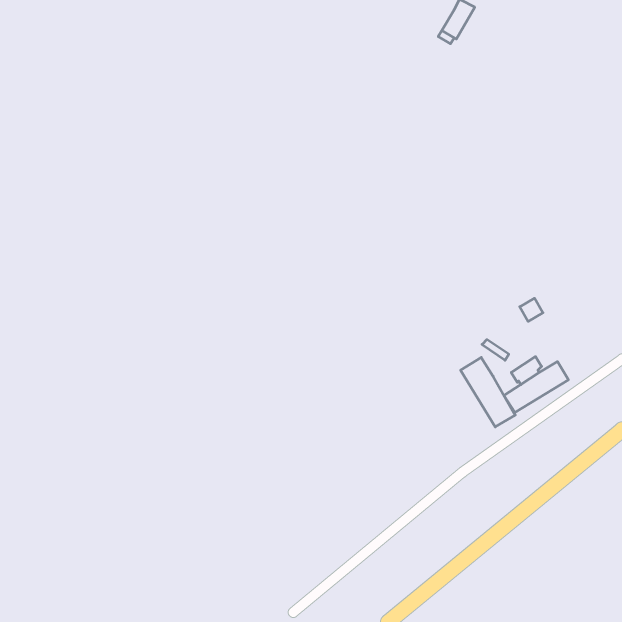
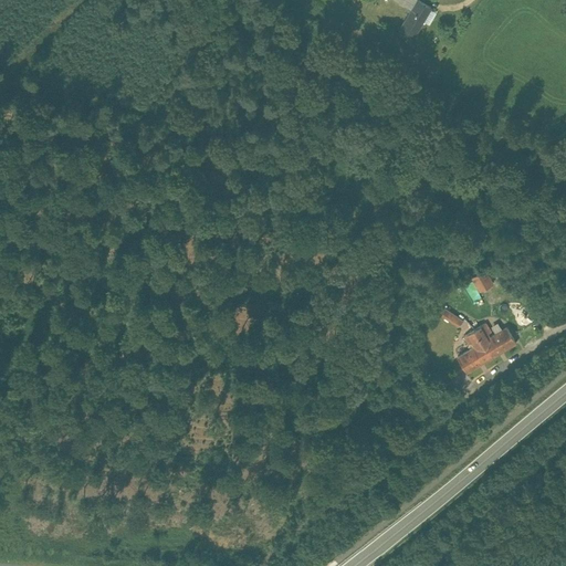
building: [461,357,515,427] -> none

